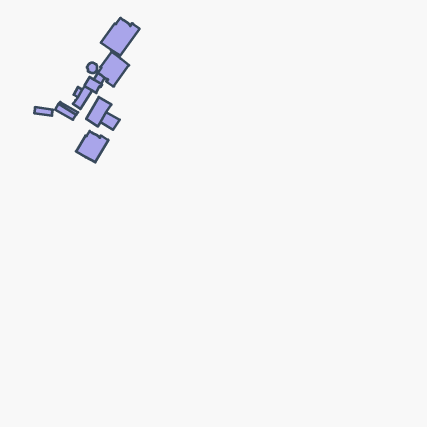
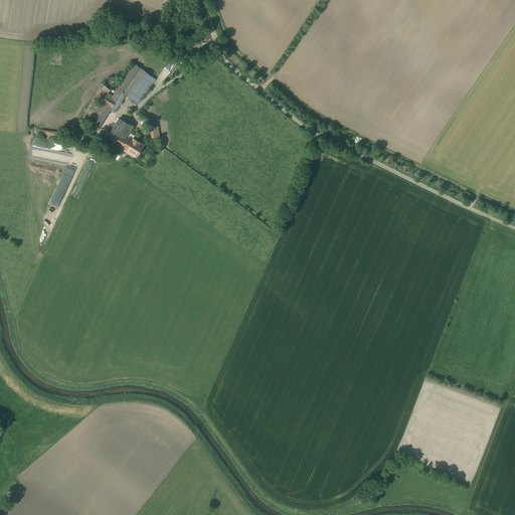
building: [101,18,139,56] -> none
building: [76,131,108,162] -> none

